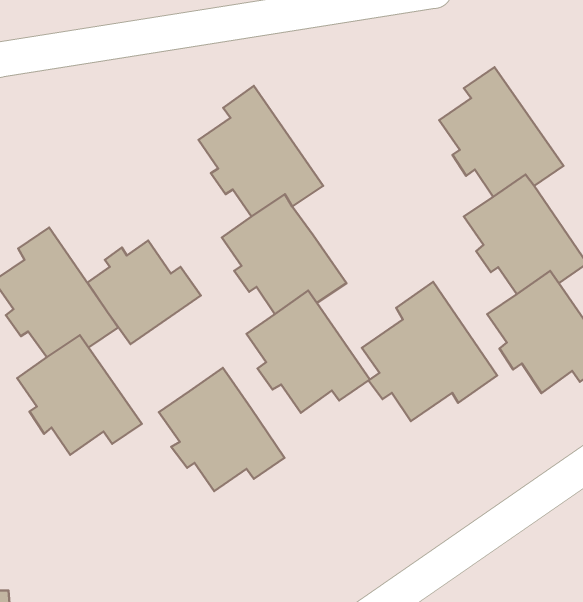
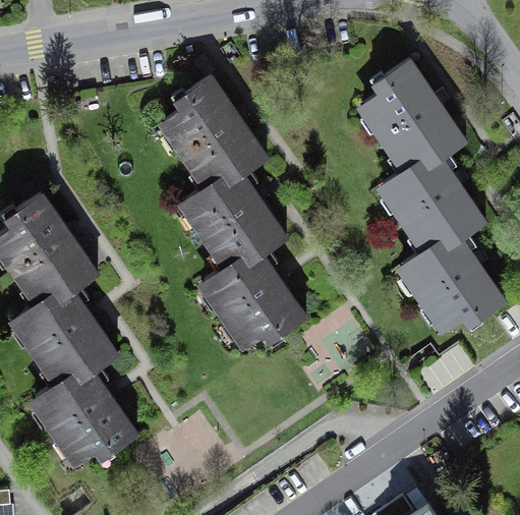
building: [87,241,201,344] -> none
building: [362,282,497,421] -> none
building: [159,368,285,491] -> [33,362,136,464]

